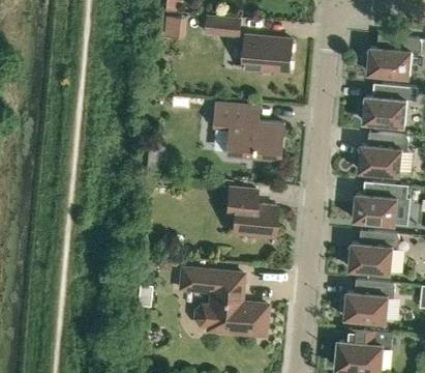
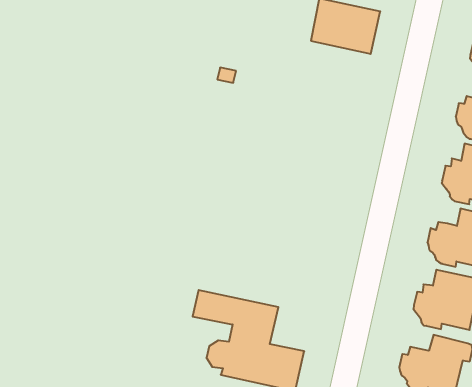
building: [214,103,284,160] -> none
building: [227,187,276,237] -> none

